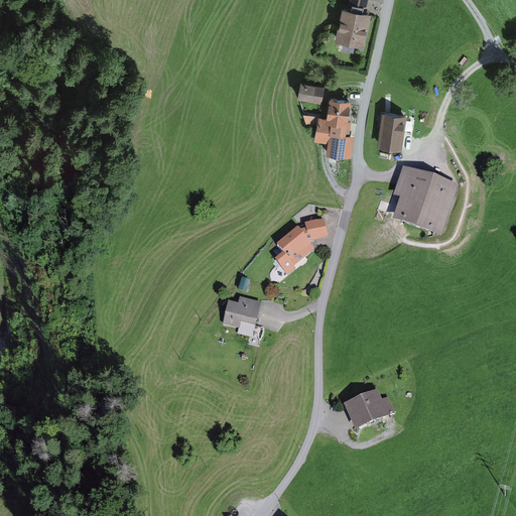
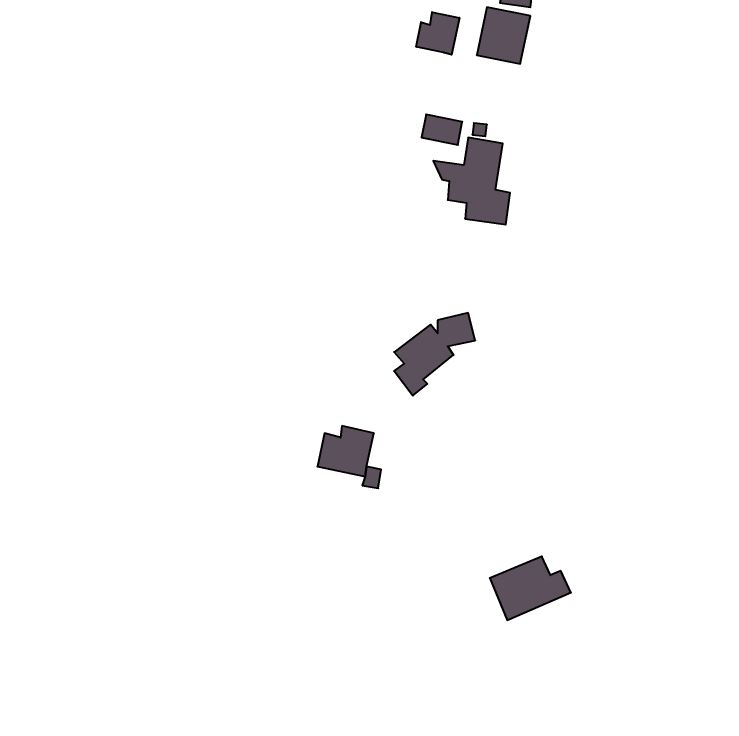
building: none -> [416,12,459,55]
building: [376,110,406,149] -> none
building: [393,166,461,238] -> none

